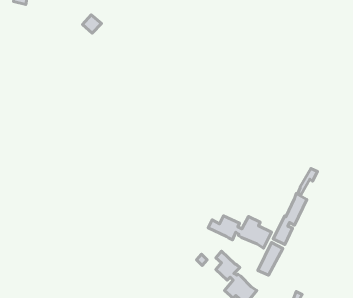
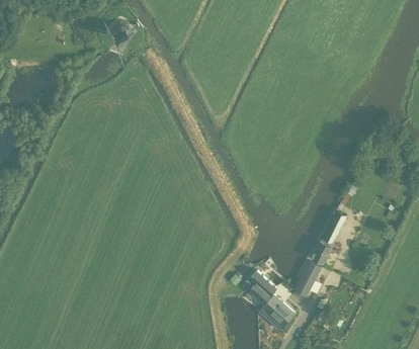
building: [208,216,271,248] -> none

